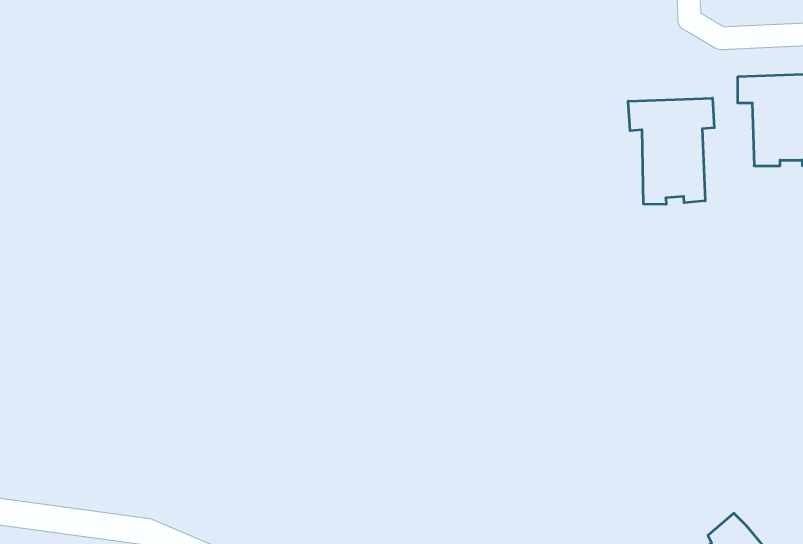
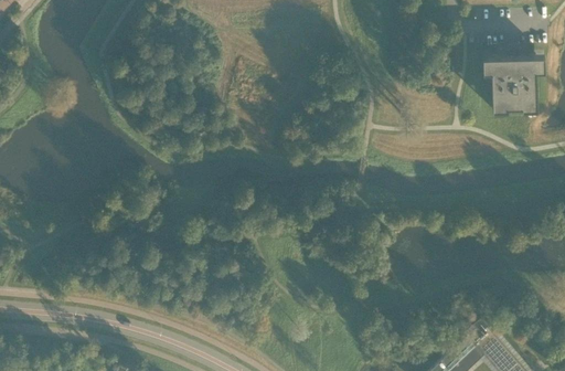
building: [628,98,714,204] -> none

